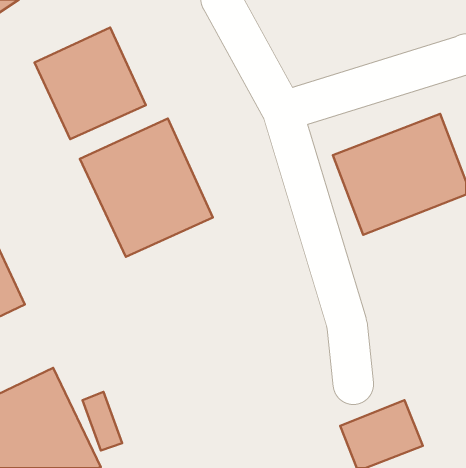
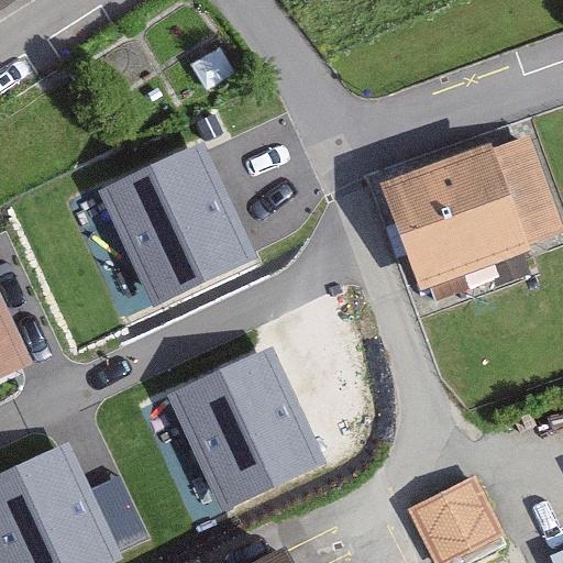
building: [35,27,146,139] -> none
building: none -> [164,344,325,514]

